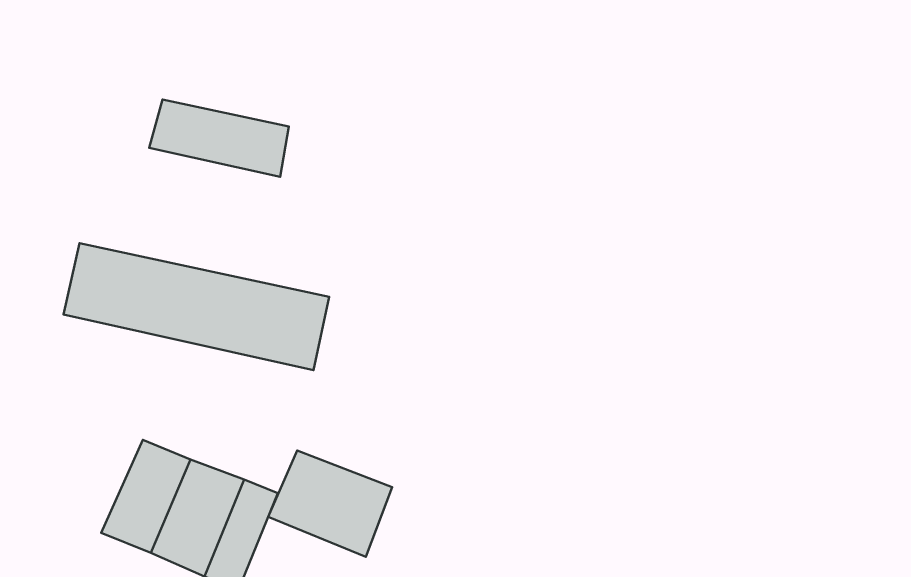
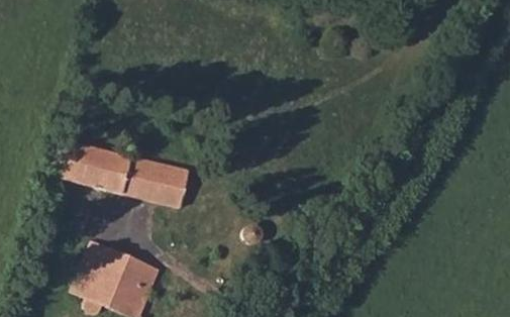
building: [149,100,289,177] -> none
building: [268,451,392,557] -> none

